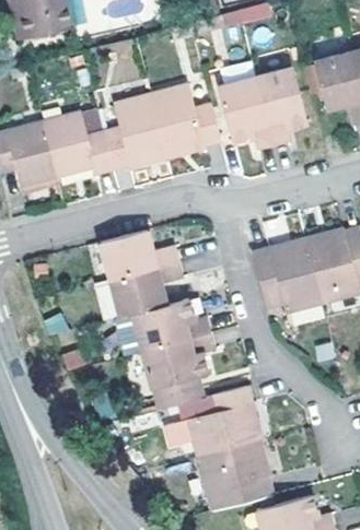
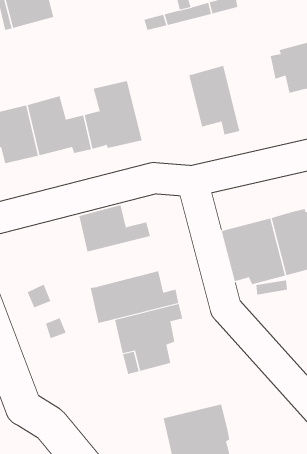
building: [257,68,307,148] -> none
building: [153,84,221,157] -> none
building: [109,260,182,315] -> none
building: [169,387,255,456] -> none

